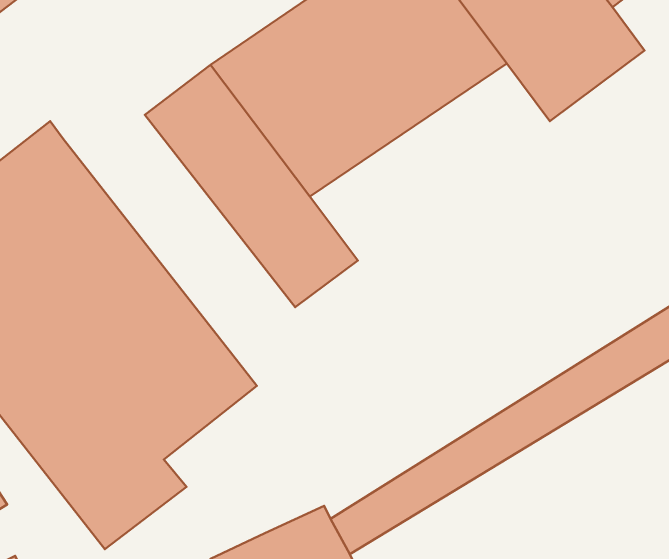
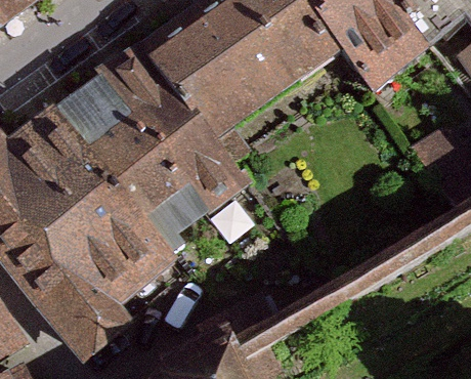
building: none -> [57,68,206,238]

